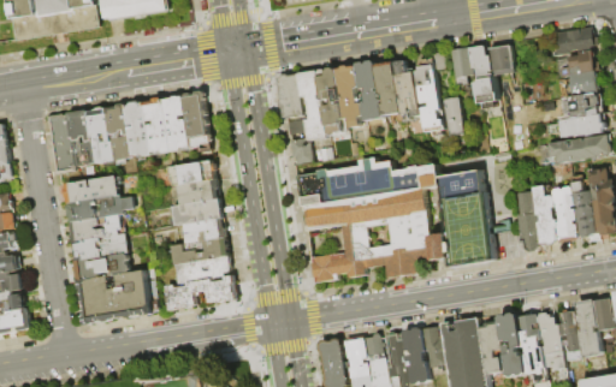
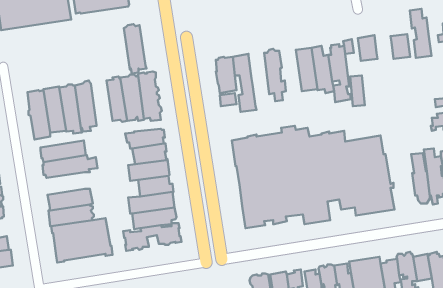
building: [472,44,498,105] -> [410,9,431,58]
building: [355,60,383,121] -> none
building: [318,67,343,136] -> none
building: [125,101,153,161] -> [124,24,146,74]
building: [69,214,120,242] -> none

